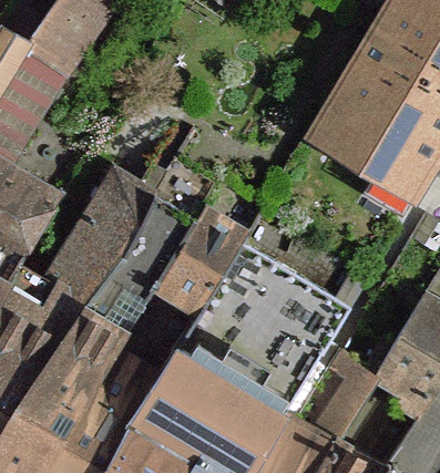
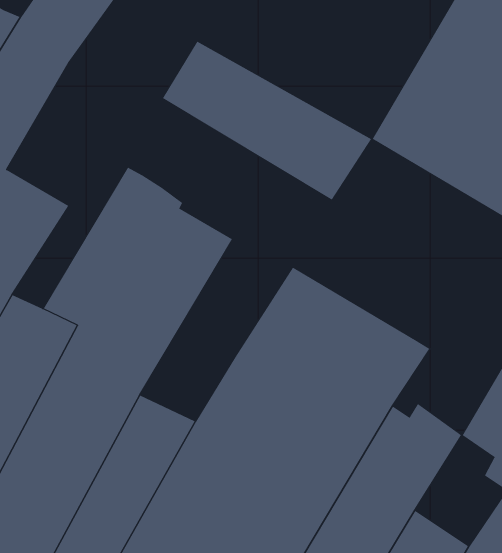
building: none -> [162,41,372,201]
building: [153,204,247,315] -> none

